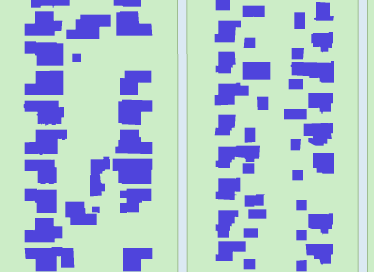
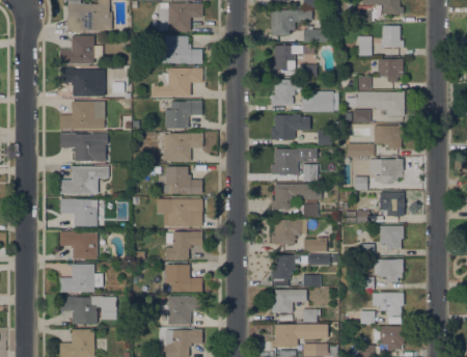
building: [66,14,111,39] -> [153,68,203,97]
building: [89,156,111,197] -> none
building: none -> [380,225,404,250]
building: [65,201,97,226] -> [166,265,202,292]

